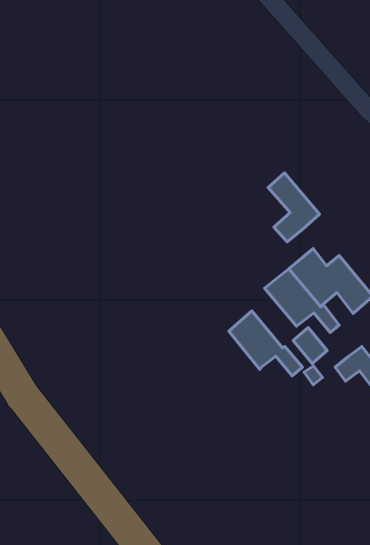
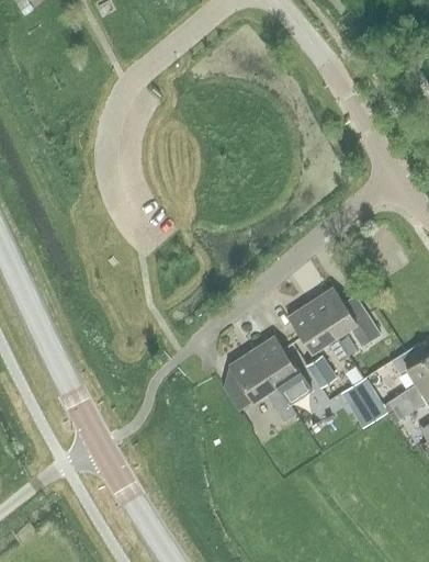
building: [268,173,319,242] -> none
building: none -> [225,351,291,411]

